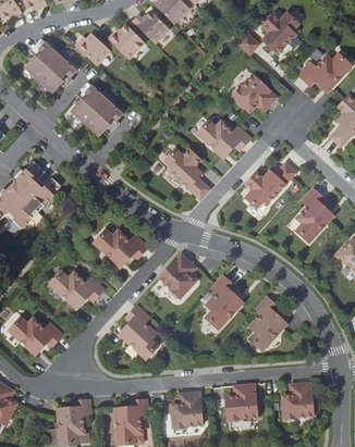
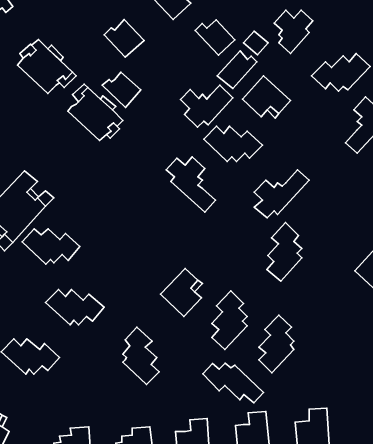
building: [130,10,167,42] -> [195,20,235,55]
building: [75,36,111,69] -> [102,72,141,108]
building: none -> [217,51,257,88]
building: none -> [181,85,233,127]
building: [296,187,329,241] -> [267,223,302,281]
building: [95,231,148,263] -> [22,229,80,264]
building: none -> [203,363,264,403]

